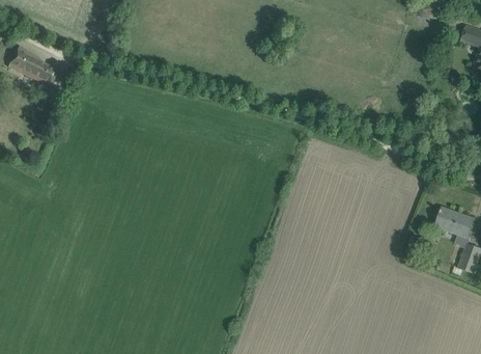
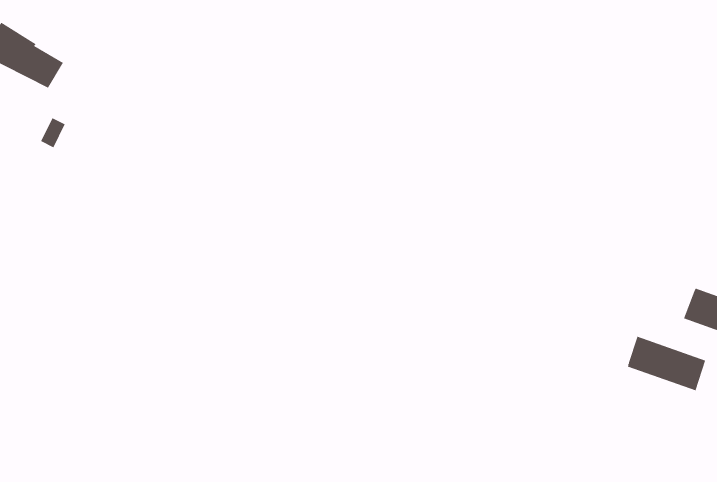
building: none -> [628,336,706,391]

